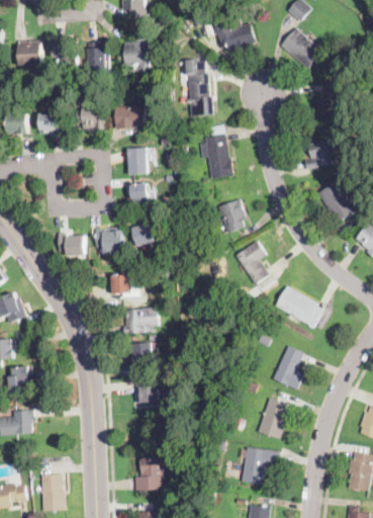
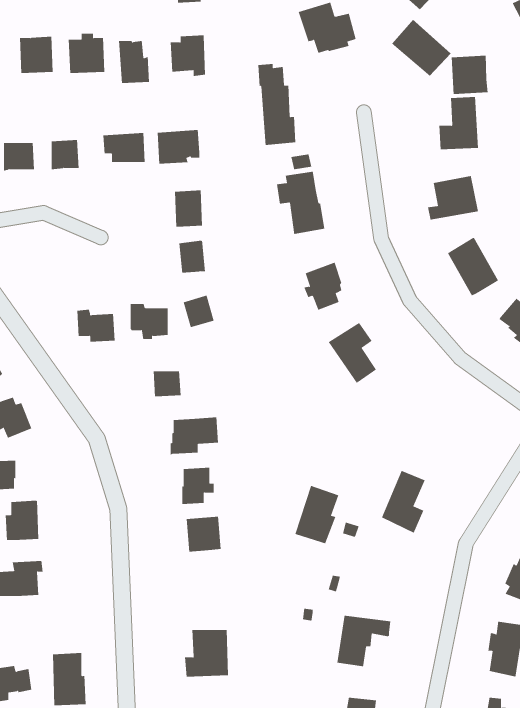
building: none -> [451,55,488,95]
building: [274,285,322,327] -> none
building: [257,397,288,438] -> [295,485,339,544]

